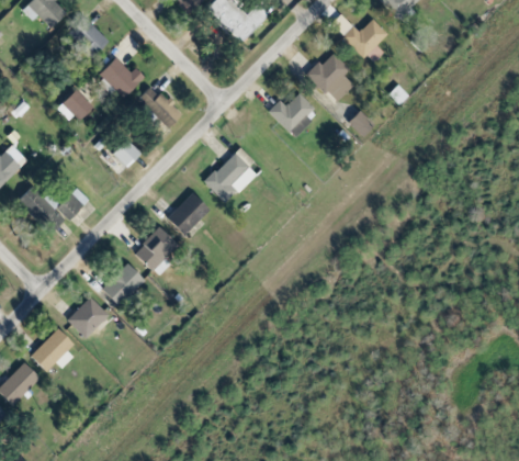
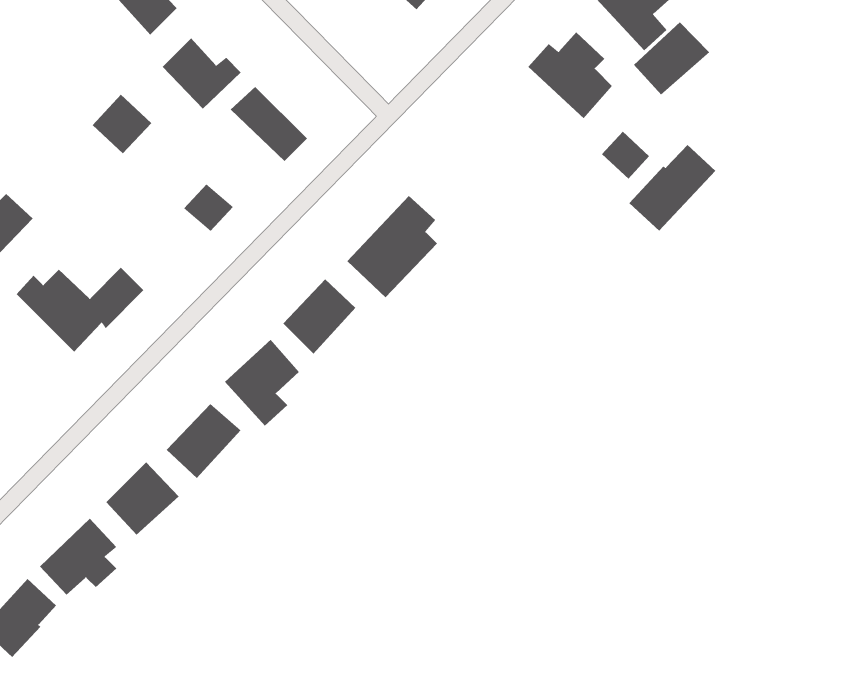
building: none -> [633,22,710,95]
building: [268,92,314,138] -> none
building: none -> [628,144,716,232]

